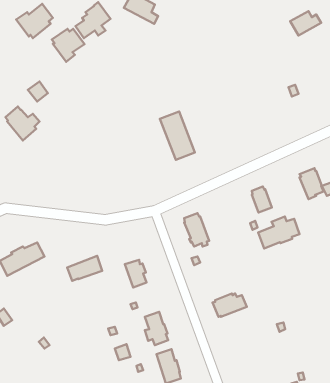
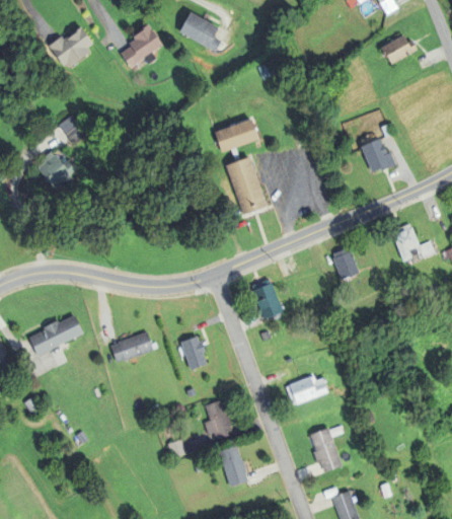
building: [52,29,85,62] -> none
building: none -> [212,119,257,152]
building: none -> [361,137,397,172]
building: [258,216,300,248] -> none
building: none -> [310,427,344,472]

